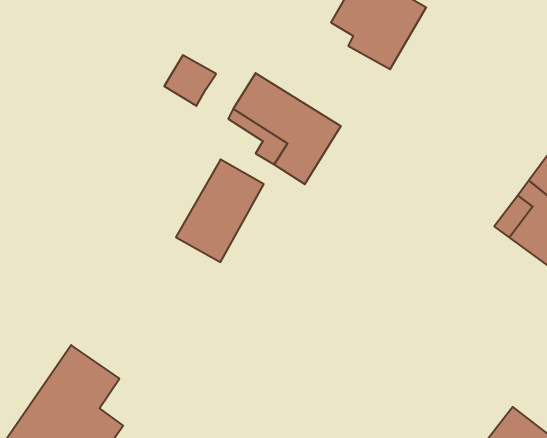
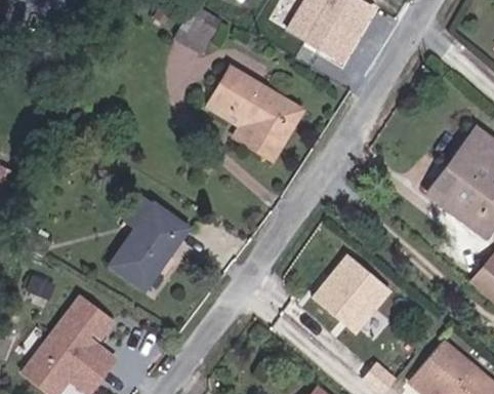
building: [164,55,216,106] -> [175,10,218,52]
building: [176,159,264,262] -> [112,202,184,287]
building: none -> [313,250,398,336]

